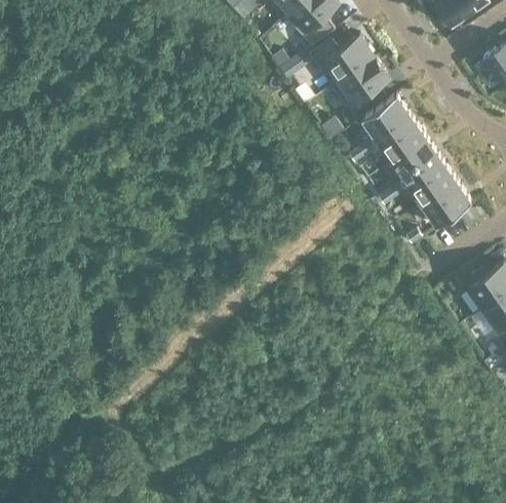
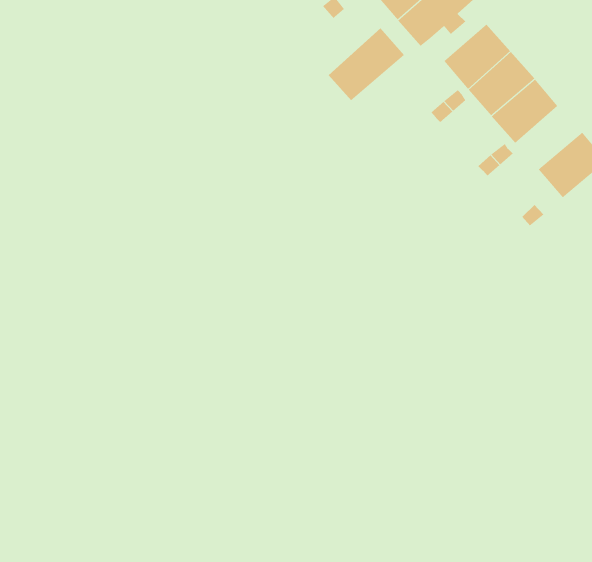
building: none -> [328,27,405,101]
building: [407,161,457,205] -> none

